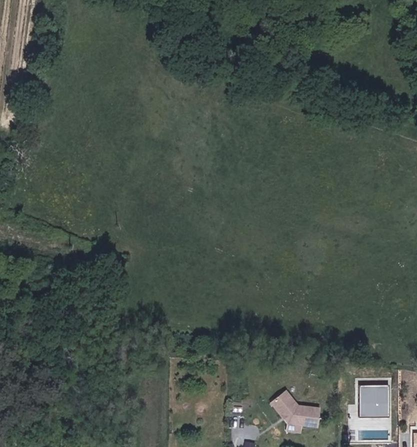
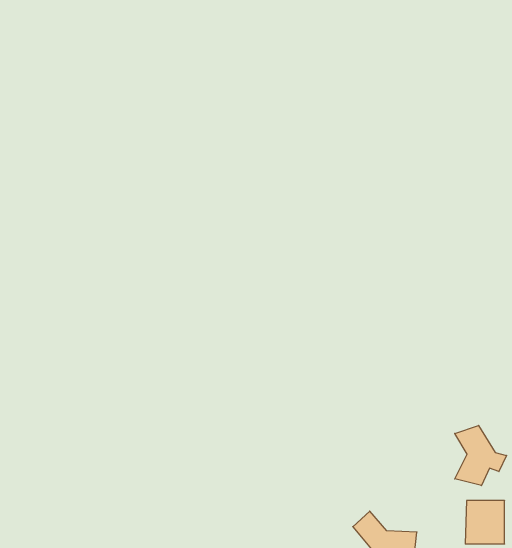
building: none -> [455,425,507,486]

